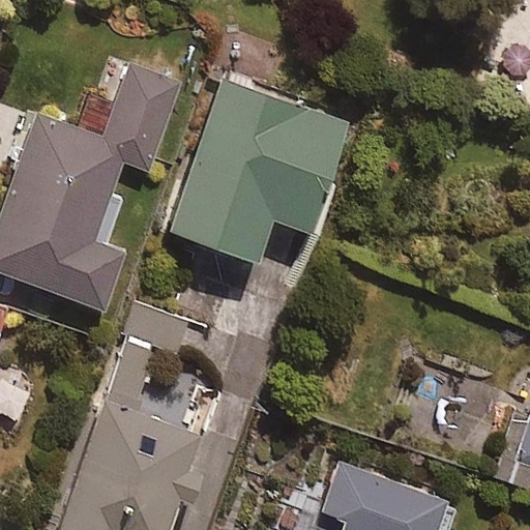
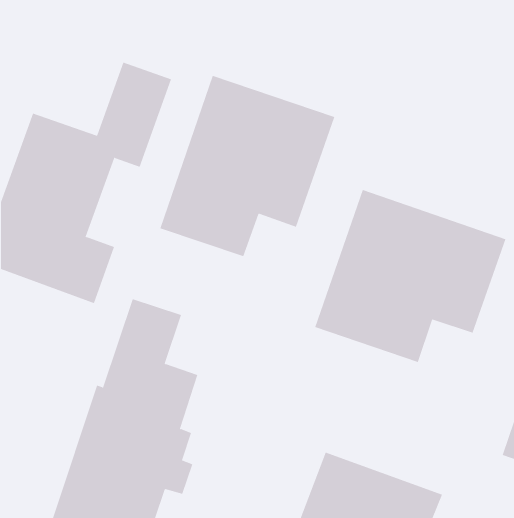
building: none -> [314,189,506,363]

